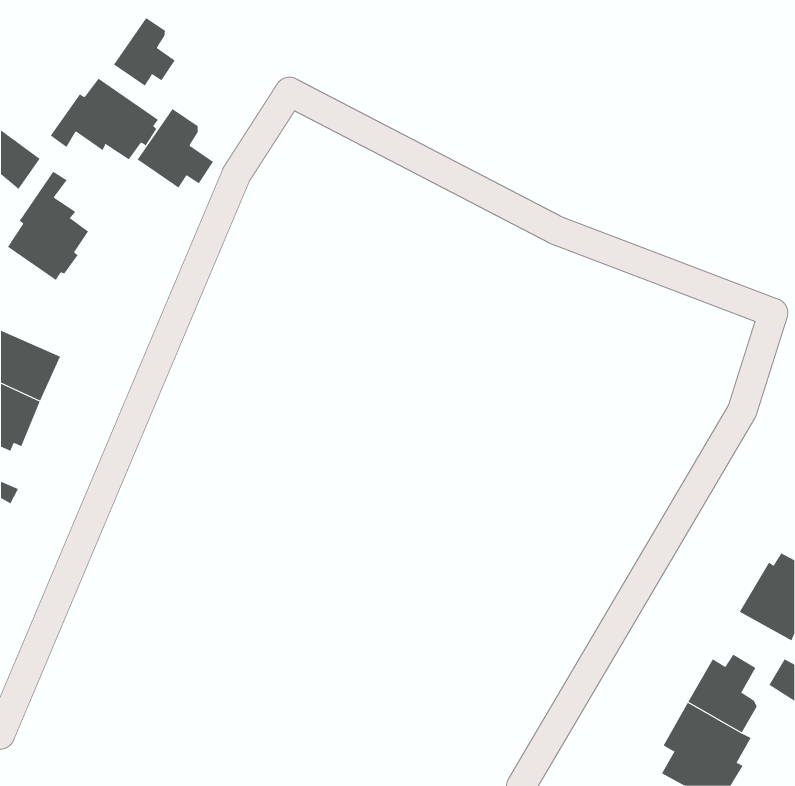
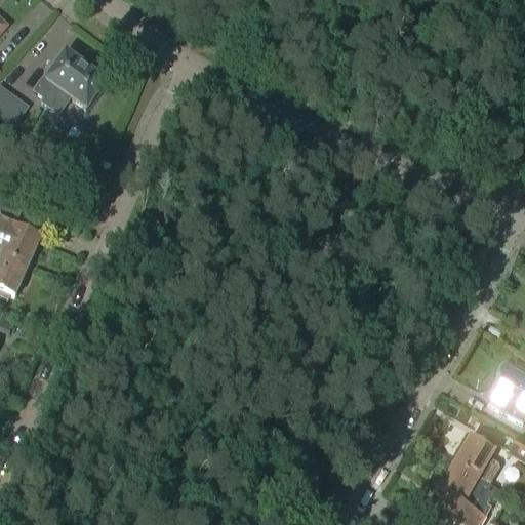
building: [113,17,175,87] -> none
building: [137,108,214,189] -> none
building: [7,171,89,281] -> none

